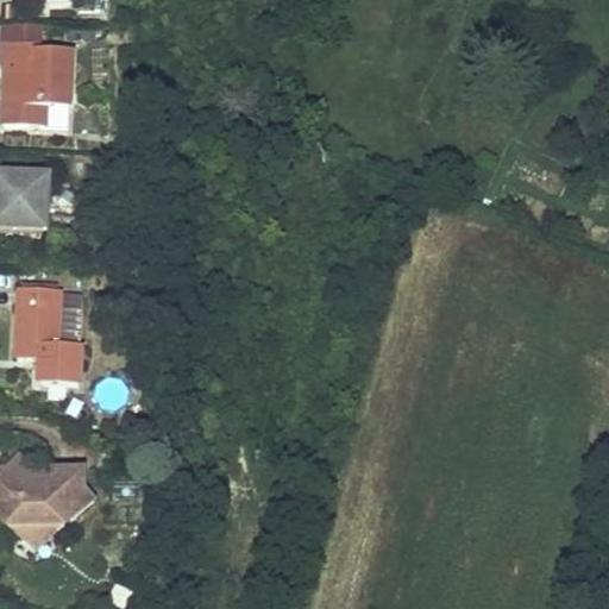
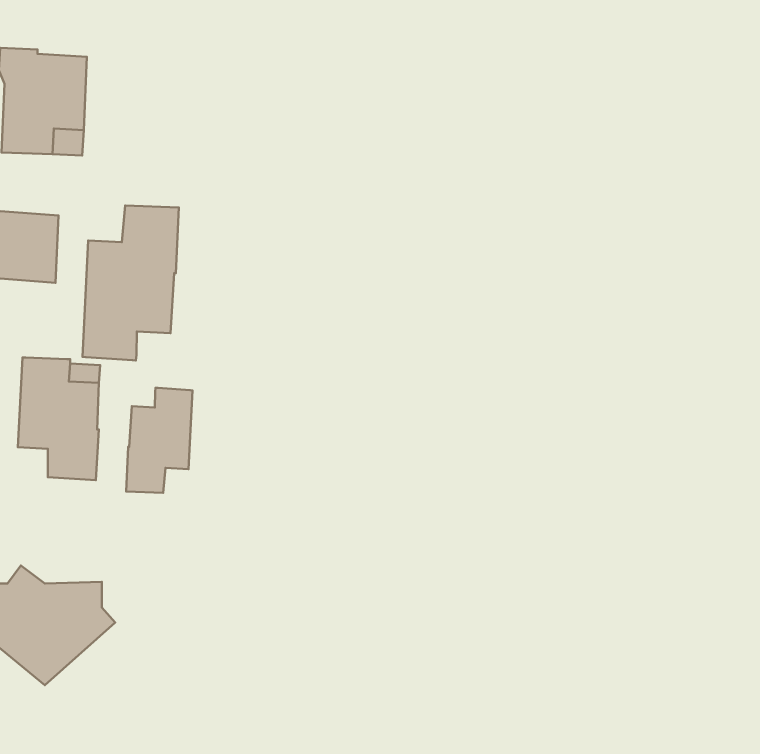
building: none -> [82,205,179,361]
building: none -> [126,388,192,493]

